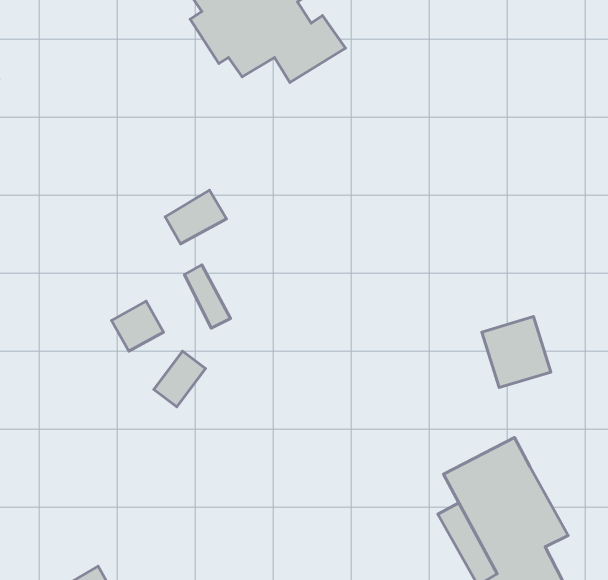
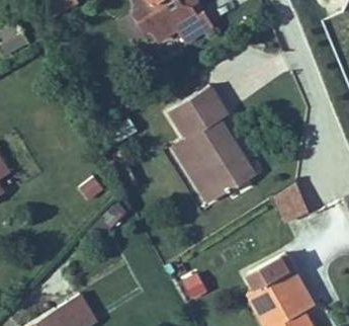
building: none -> [165,87,253,199]

